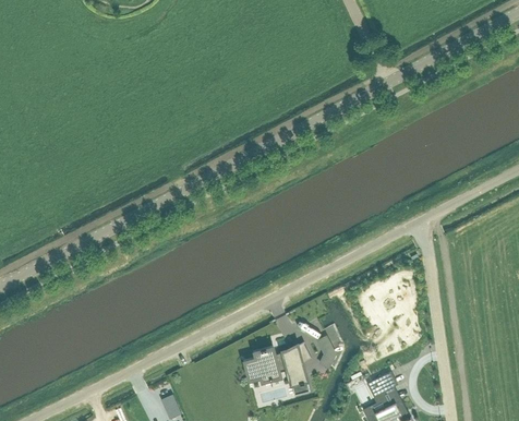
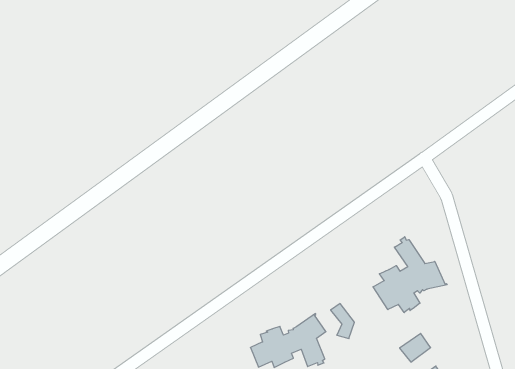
building: none -> [373,237,447,313]

